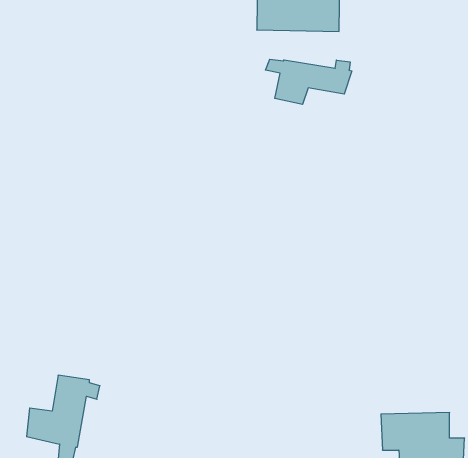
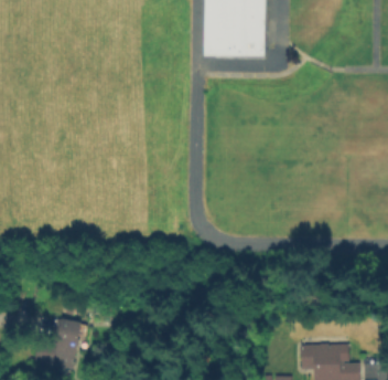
building: [265,59,352,104] -> none

